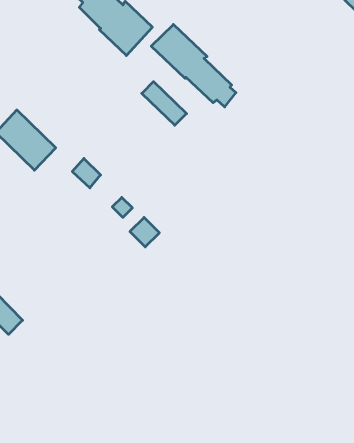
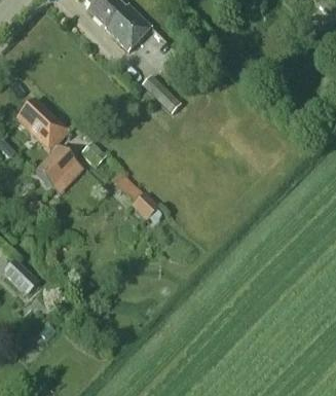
building: [151,24,236,107] -> none
building: none -> [34,144,76,185]

